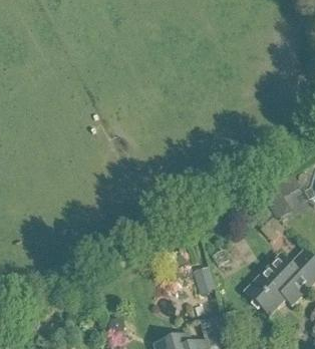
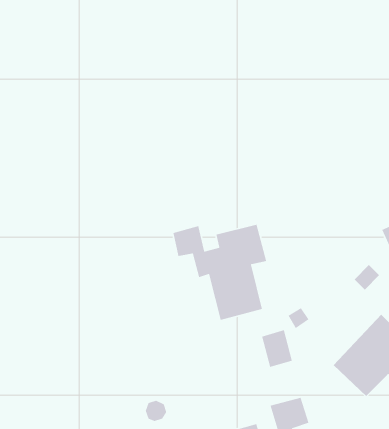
building: none -> [172,224,267,321]

